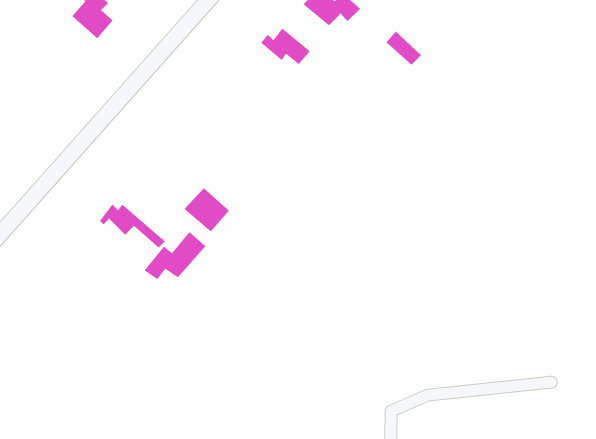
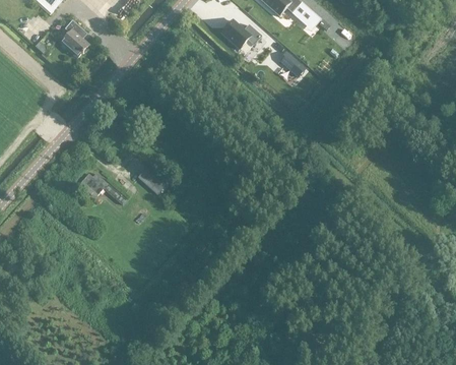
building: [260,27,311,65] -> none
building: [143,231,206,280] -> none

